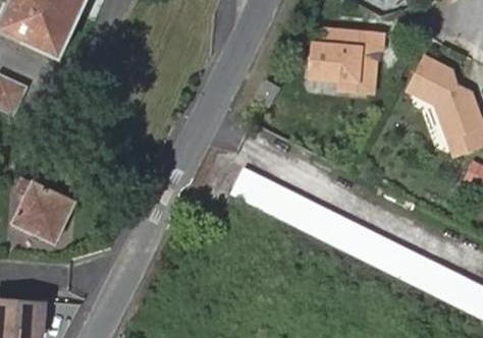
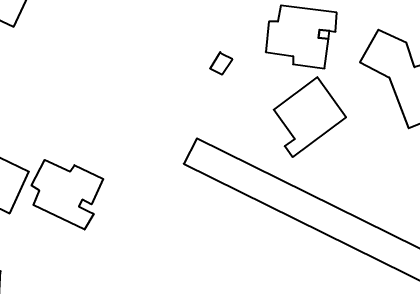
building: none -> [274,77,346,157]
building: none -> [32,160,103,230]

